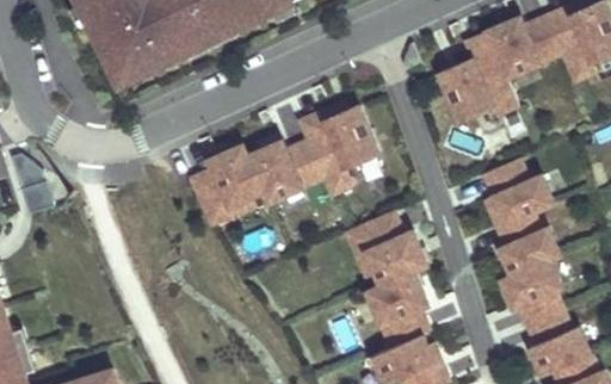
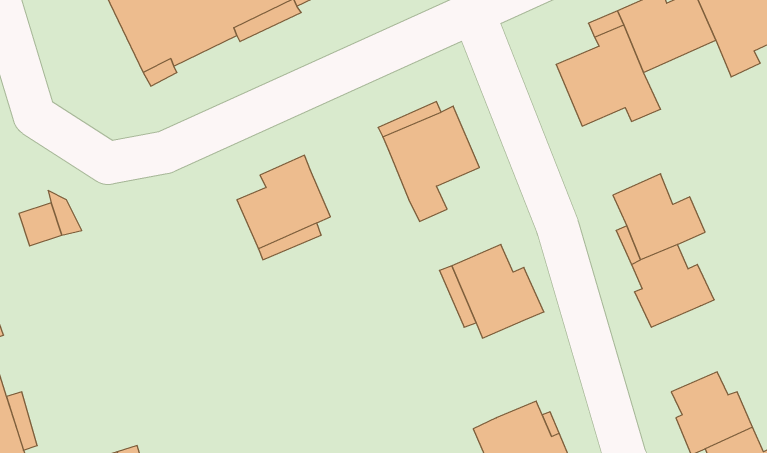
building: [246,141,322,204] -> none
building: [500,261,562,328] -> none
building: [366,272,428,348] -> none

